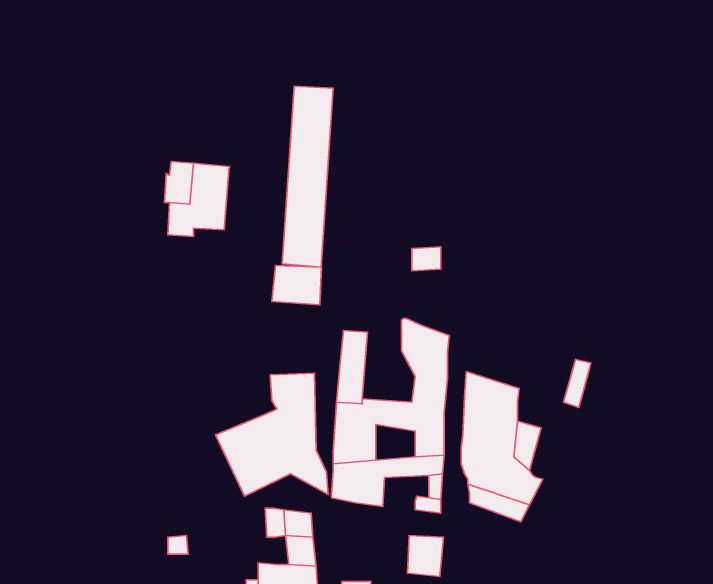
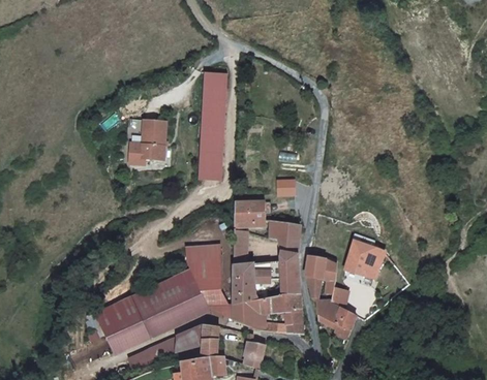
building: [272,266,321,305] -> [235,202,265,226]
building: none -> [347,236,375,267]
building: none -> [102,287,175,345]
building: [408,535,443,576] -> [242,346,264,371]

